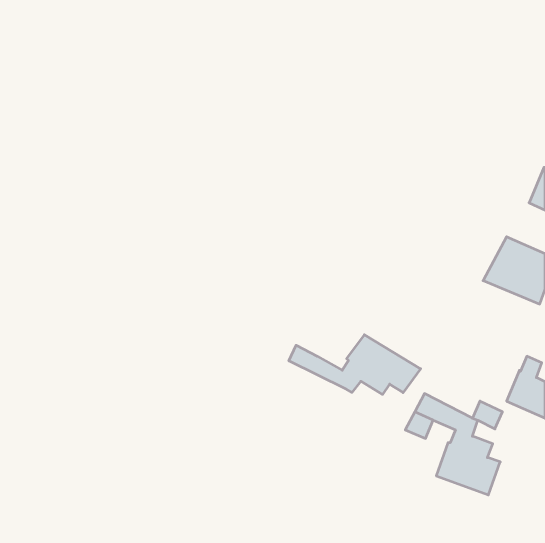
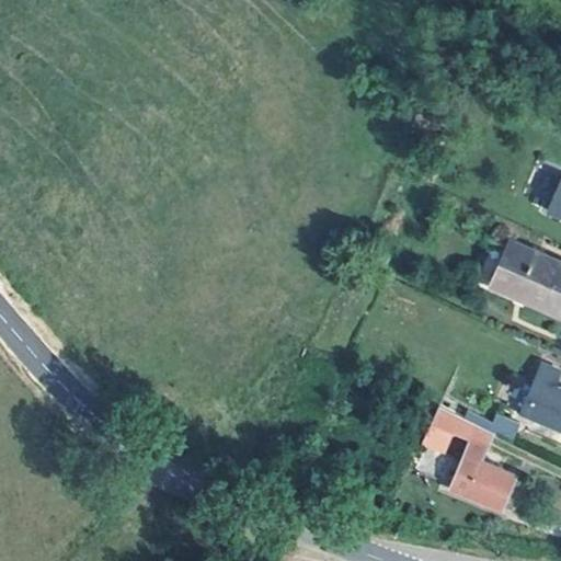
building: [289,335,421,394] -> none

